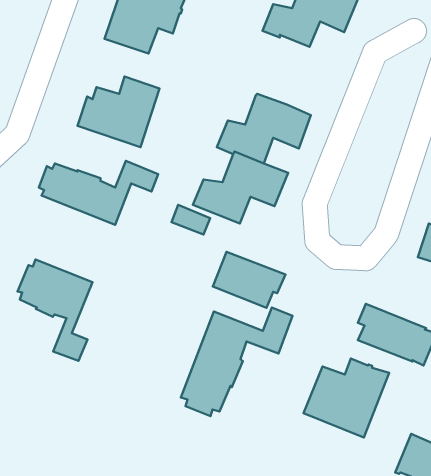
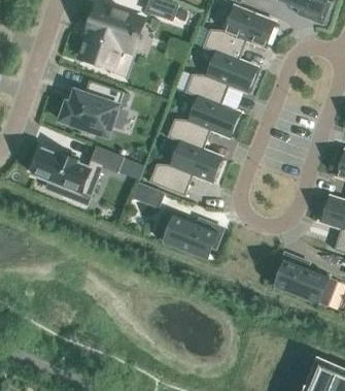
building: none -> [185,51,258,104]
building: [18,259,93,361] -> none
building: [181,308,292,416] -> none
building: [304,359,389,437] -> none

